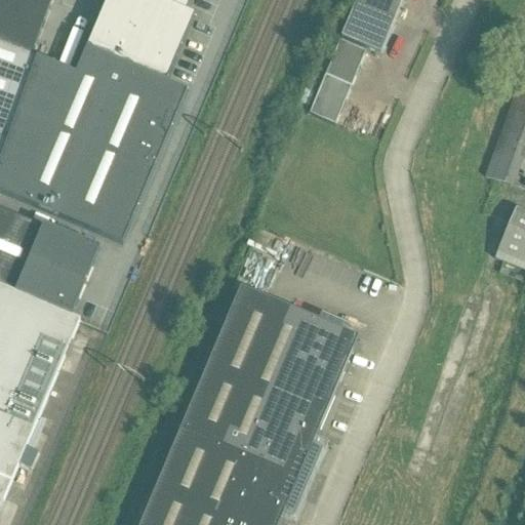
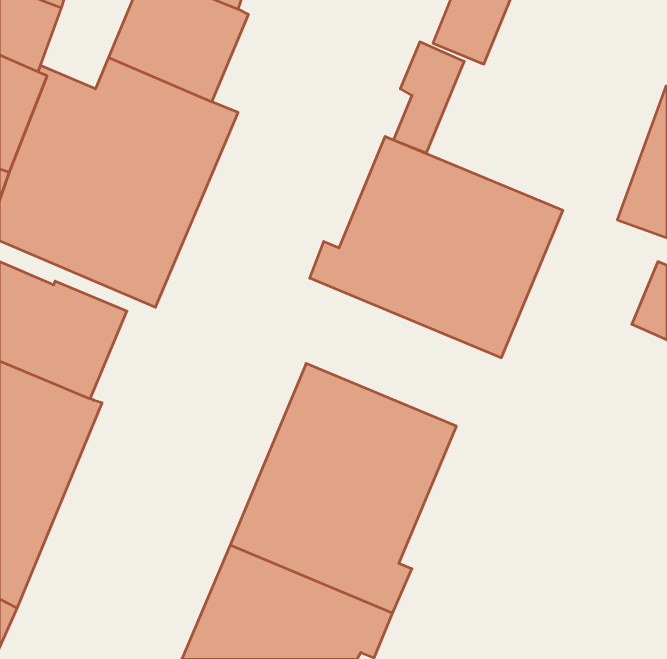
building: none -> [310,136,563,358]

